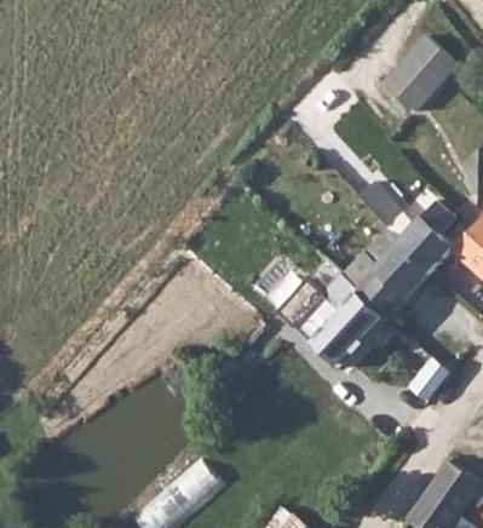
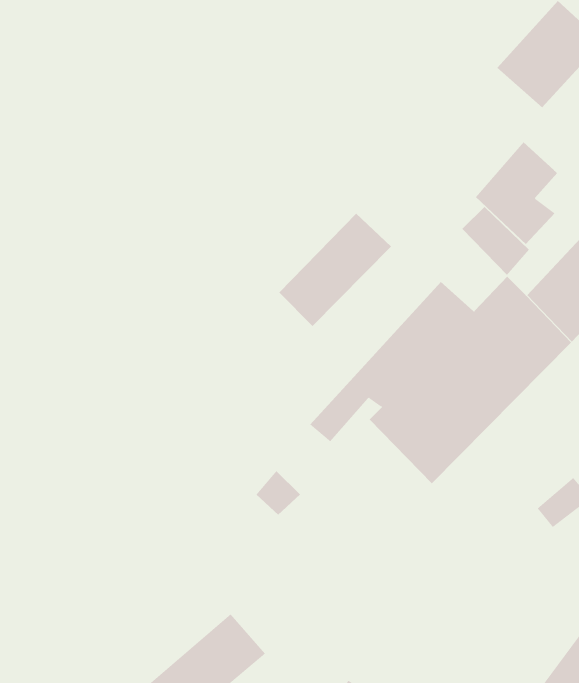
building: none -> [475,141,558,245]
building: none -> [279,213,392,327]

